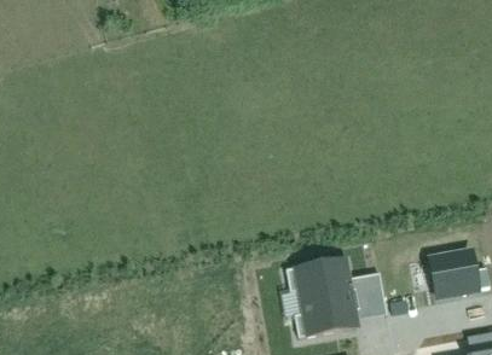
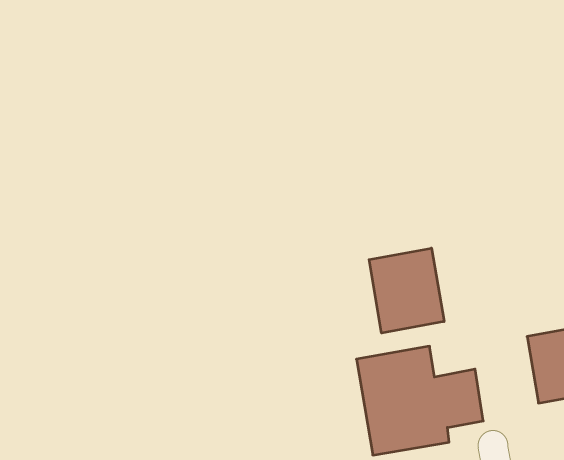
building: none -> [369,248,444,333]

